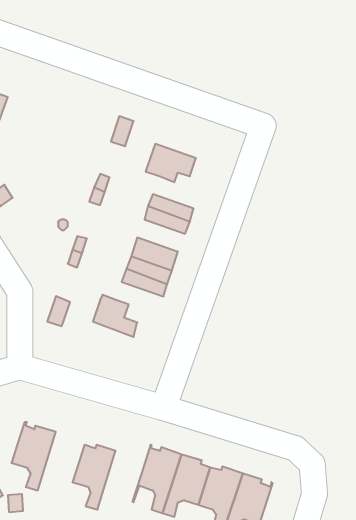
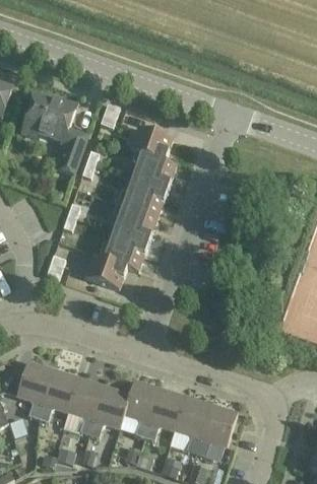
building: none -> [21,93,86,172]
building: none -> [135,149,176,180]
building: none -> [122,189,163,216]
building: none -> [104,241,143,276]
building: none -> [38,368,77,421]
building: none -> [88,385,128,437]

